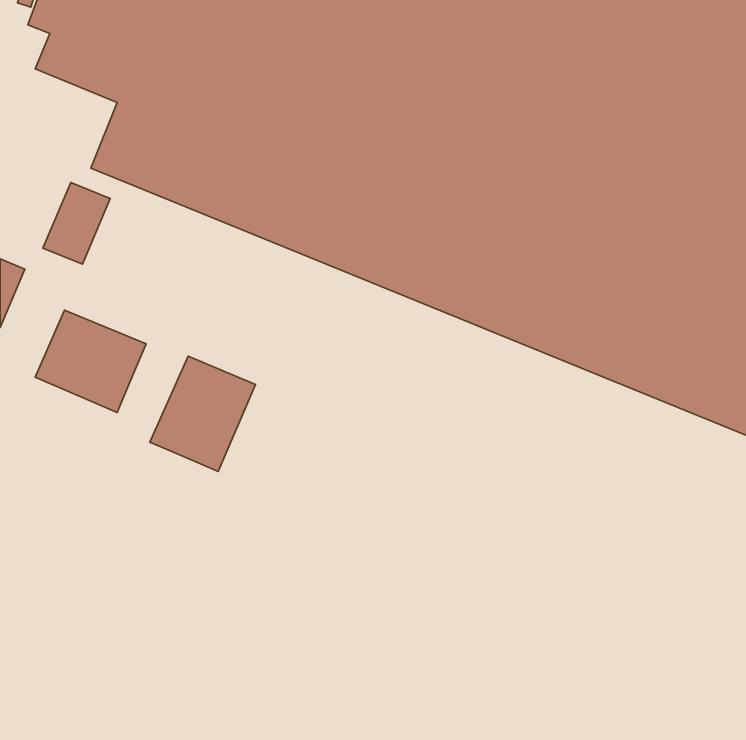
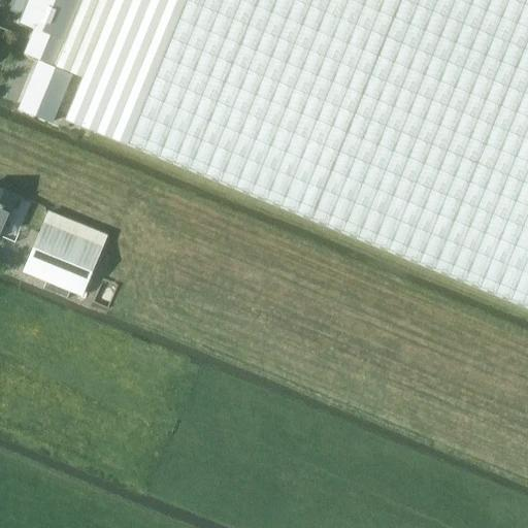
building: [43,182,110,264] -> [26,59,73,117]
building: [150,356,255,472] -> none

